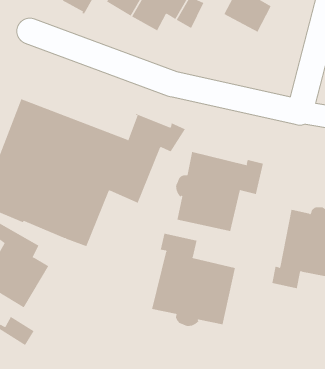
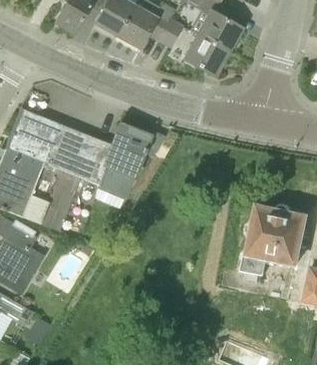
building: none -> [184,34,228,76]
building: [176,151,263,232] -> none
building: [151,233,236,327] -> none

